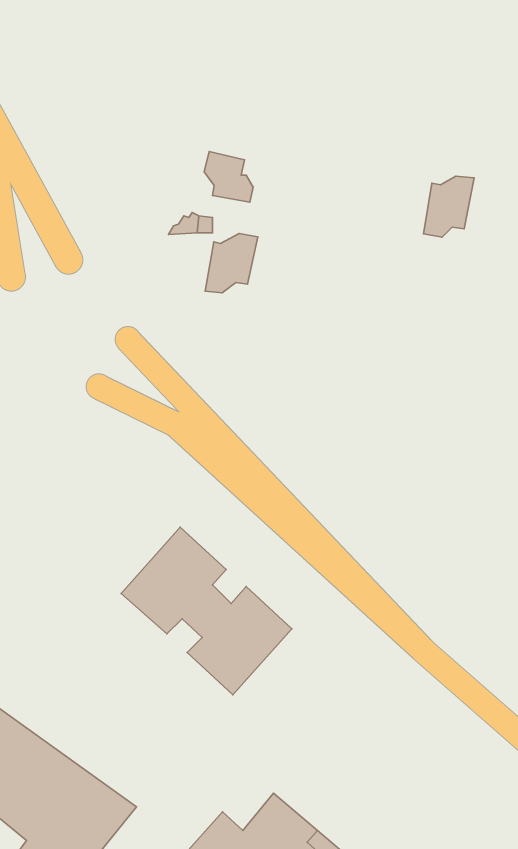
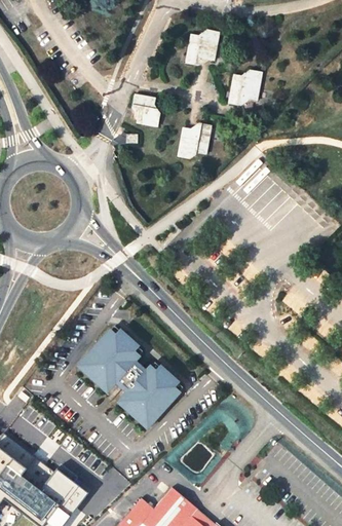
building: none -> [185,31,217,68]
building: [424,176,474,237] -> [228,72,259,109]
building: [205,233,258,293] -> [177,124,208,160]

